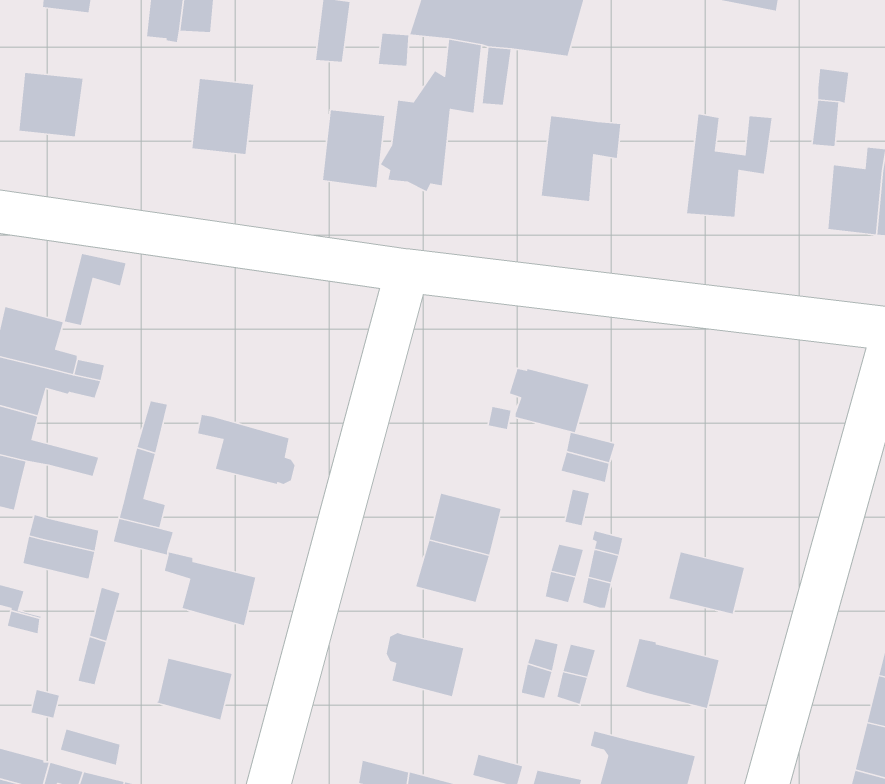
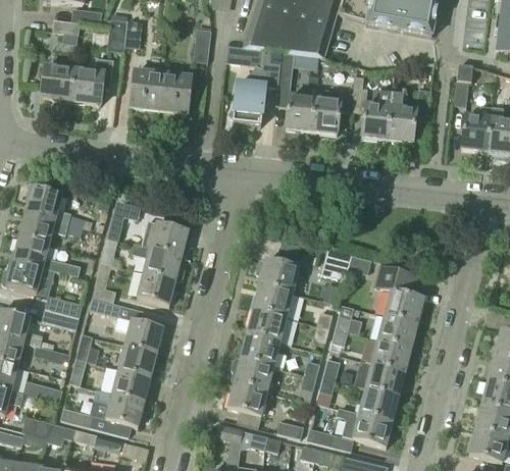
building: none -> [69,57,113,103]
building: none -> [351,75,393,140]
building: [322,110,385,188] -> [158,72,191,113]
building: none -> [285,94,315,130]
building: [64,253,127,326] -> [108,201,141,239]
building: [509,368,589,433] -> [256,259,298,293]
building: none -> [141,220,190,256]
building: none -> [374,265,423,323]
building: none -> [136,272,174,306]
building: none -> [240,333,284,366]
building: none -> [362,336,411,371]
building: none -> [117,345,157,378]
building: none -> [226,382,265,415]
building: none -> [93,388,145,428]
building: none -> [358,388,398,421]

